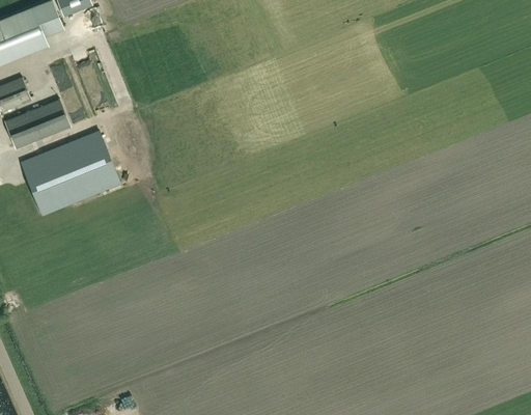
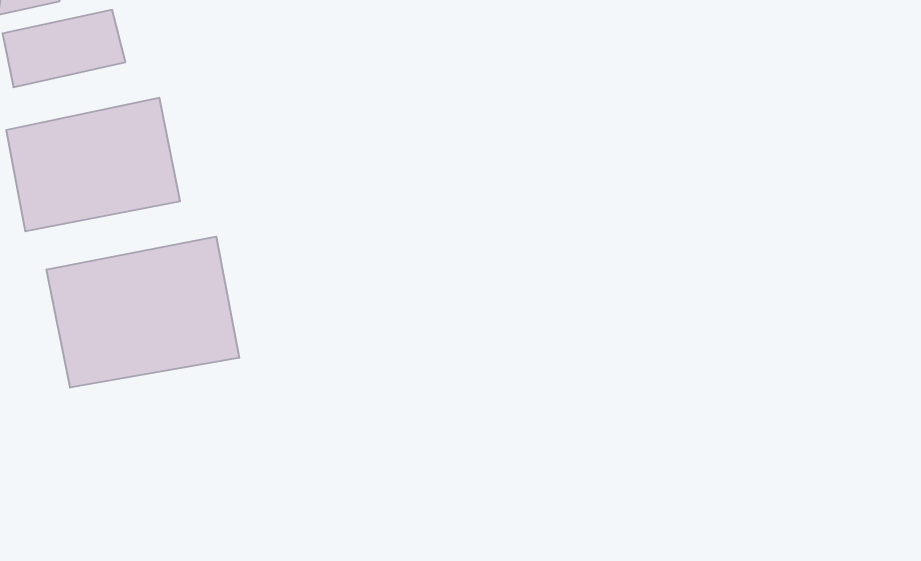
building: none -> [47,237,239,388]

